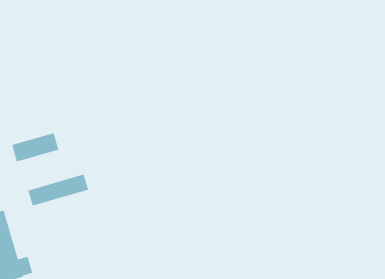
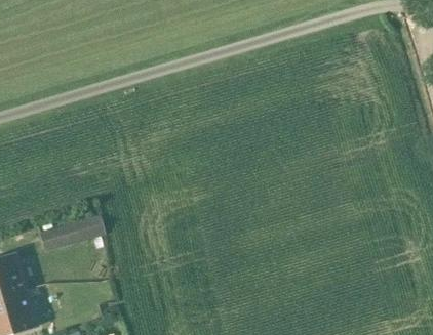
building: [11,132,59,162] -> none

